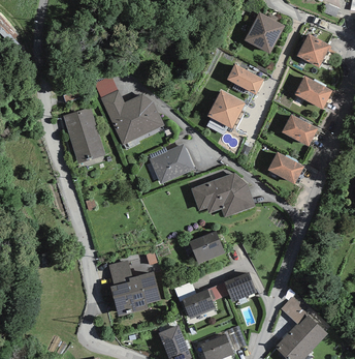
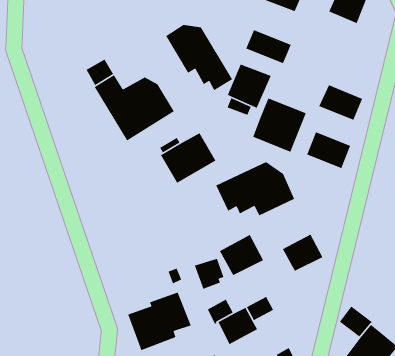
building: none -> [165,24,233,91]
building: [294,76,332,109] -> none
building: [63,107,104,163] -> none
building: none -> [252,97,307,153]
building: [108,260,132,285] -> [194,258,224,290]
building: [224,271,257,301] -> [282,233,323,272]

